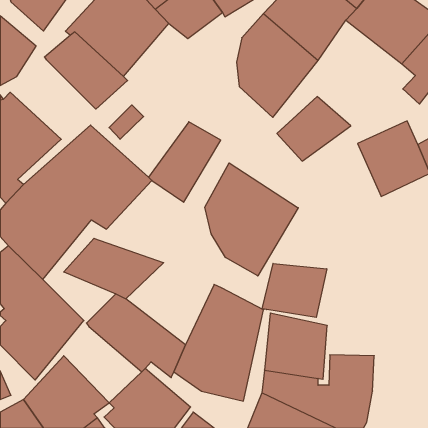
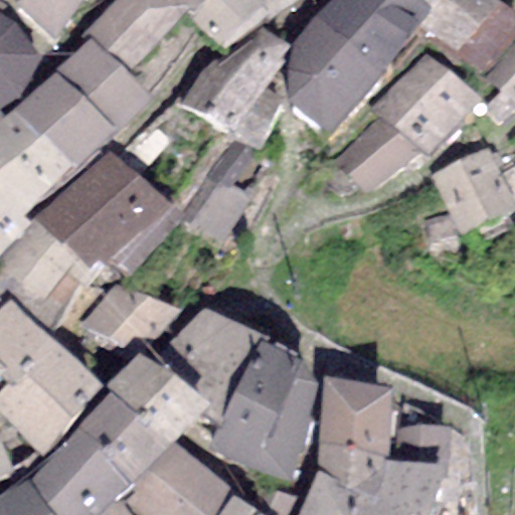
building: none -> [179,29,288,150]
building: none -> [371,53,483,157]
building: none -> [13,71,116,167]
building: [205,163,298,276] -> none
building: none -> [152,309,269,413]
building: [262,263,327,317] -> none
building: none -> [77,391,171,483]

